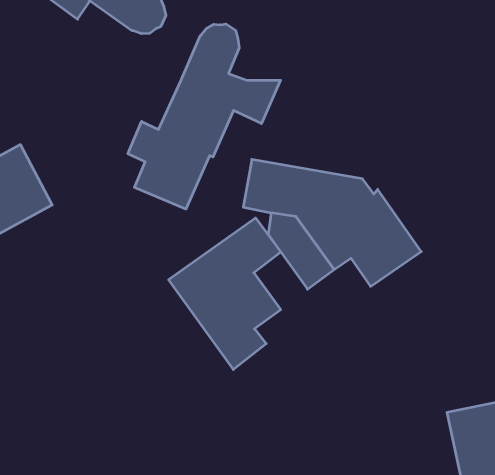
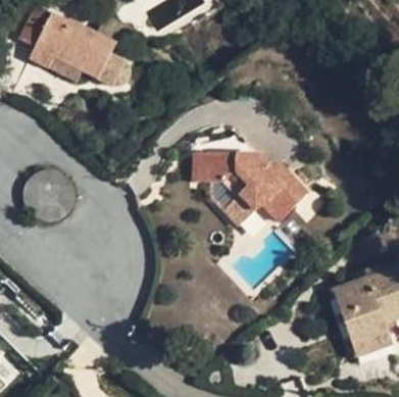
building: [128,24,281,209] -> none
building: [169,218,281,370] -> none

